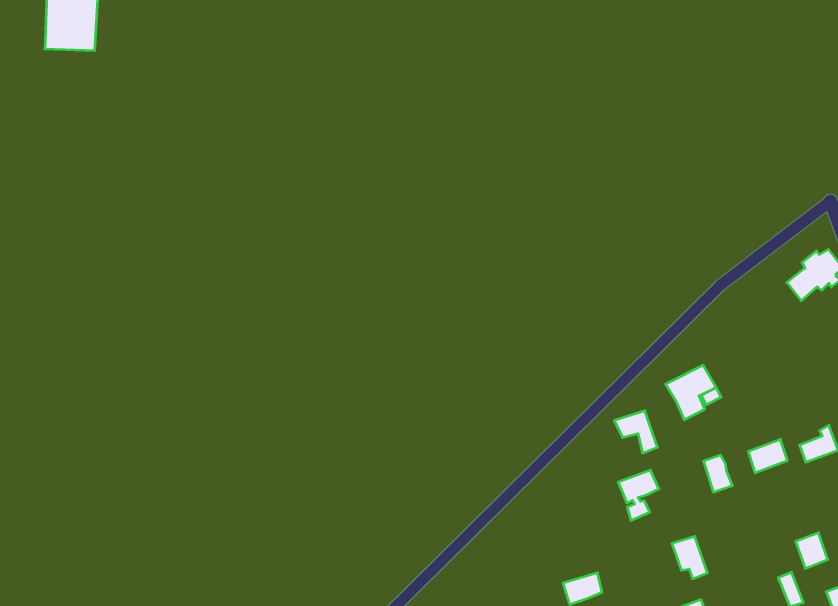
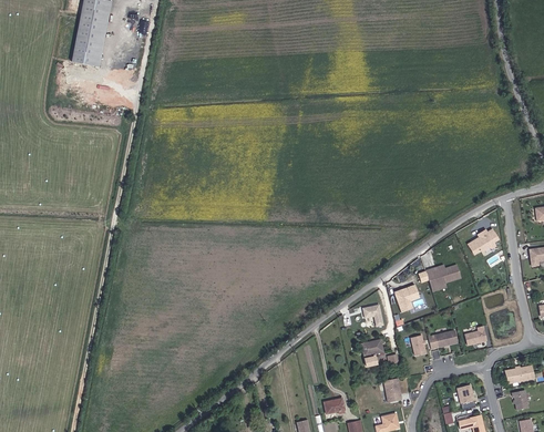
building: none -> [427,264,462,291]

